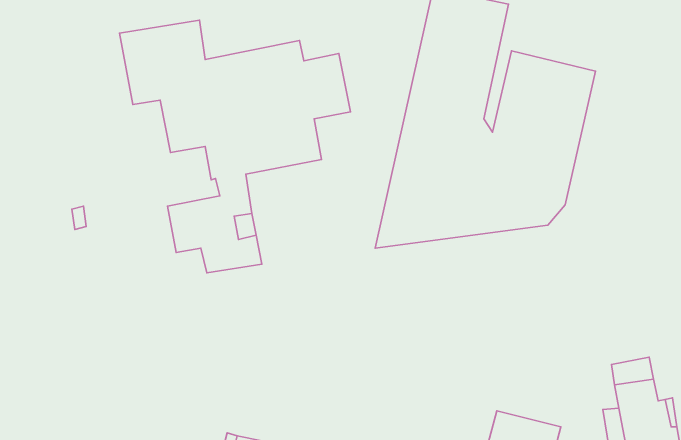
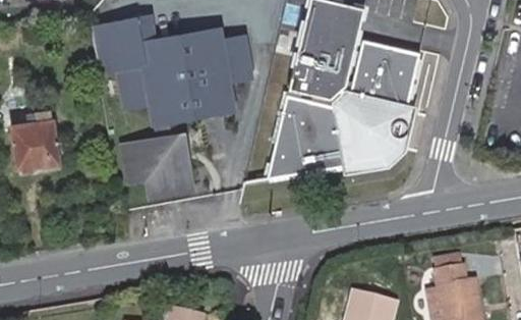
building: none -> [13,110,54,166]

